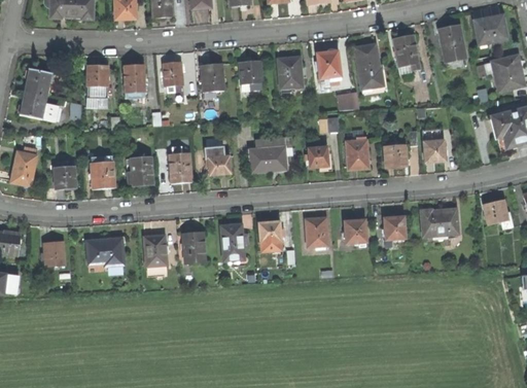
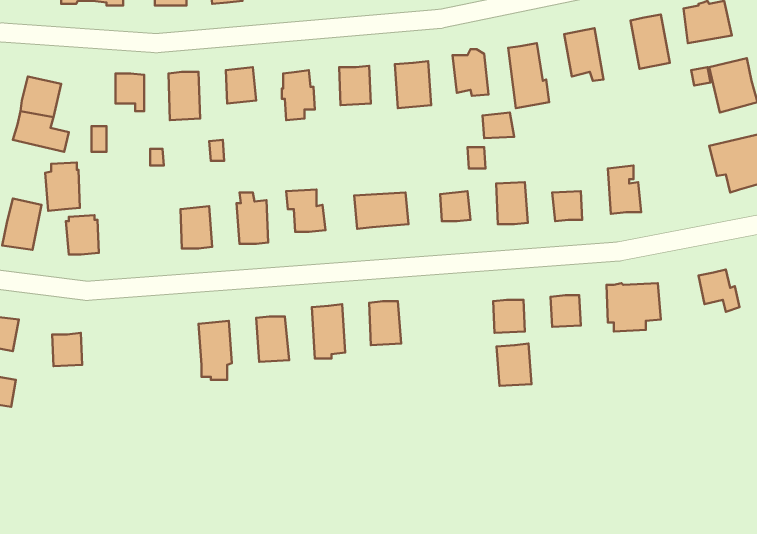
building: [91,155,114,188] -> [45,162,80,211]
building: [305,216,328,245] -> [497,343,531,386]
building: [87,238,124,264] -> none

